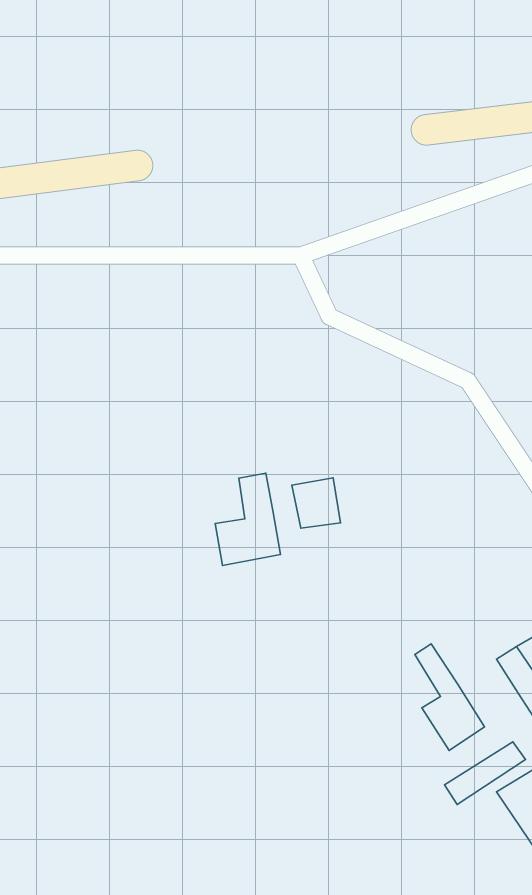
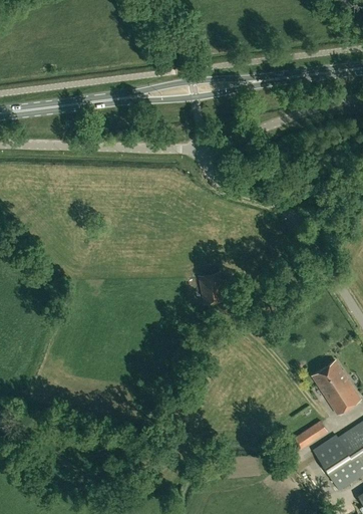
building: [215,473,280,566] -> none
building: [415,644,485,751] -> none

